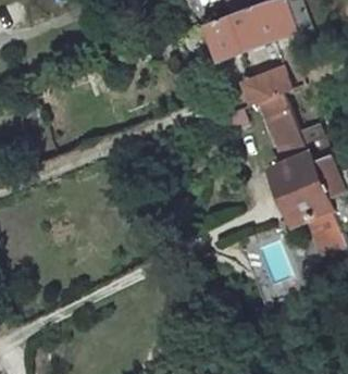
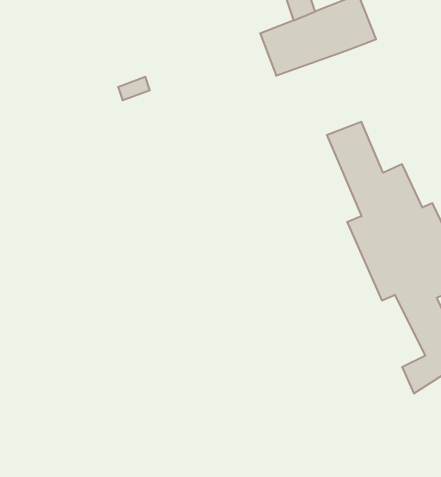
building: [240,67,285,103] -> none

